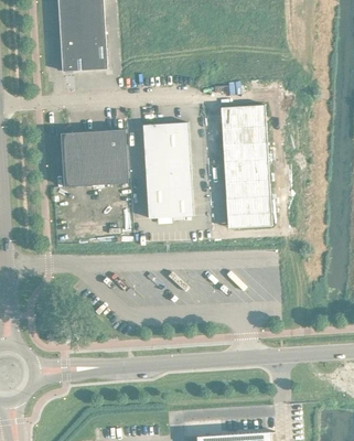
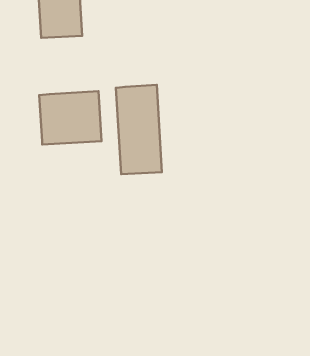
building: [221,105,272,229] -> none

